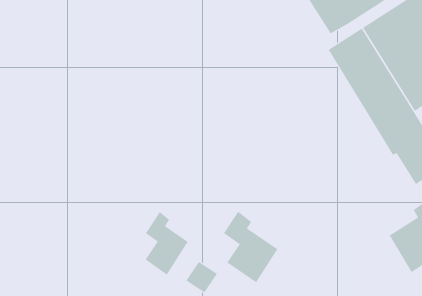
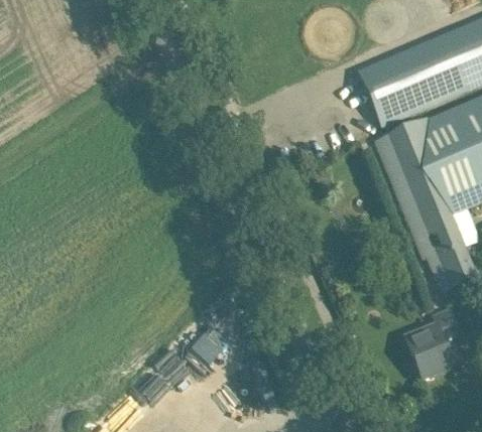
building: [223,211,278,283] -> none
building: [145,211,189,275] -> none

